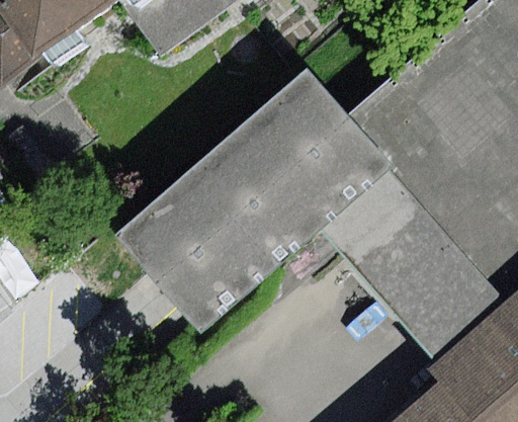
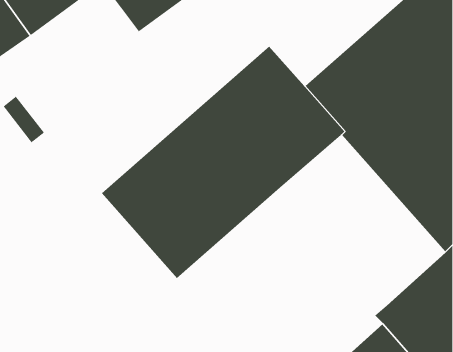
building: [322,170,508,363] -> none

